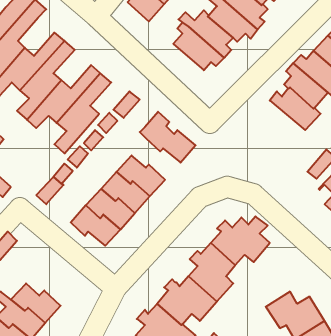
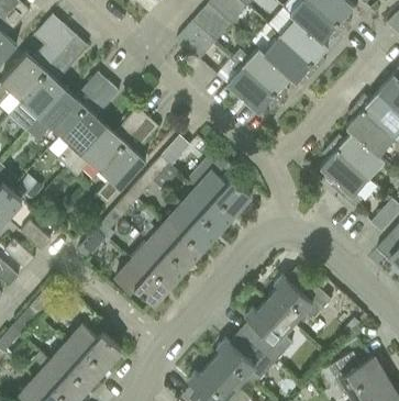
building: none -> [320,145,369,208]
building: none -> [181,186,234,231]
building: none -> [67,323,121,367]

